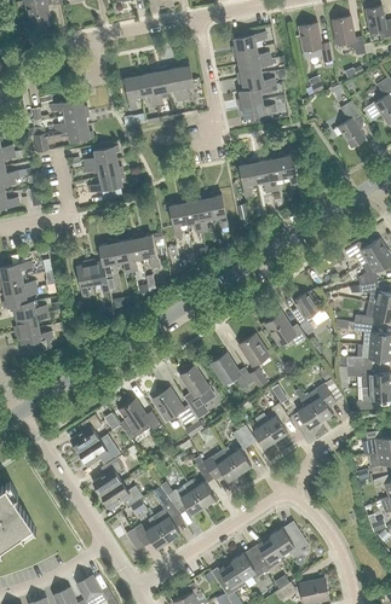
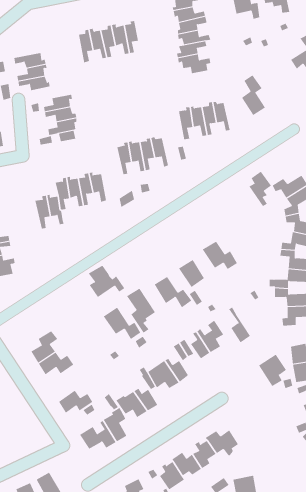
building: [338,100,366,147] -> [241,74,266,116]
building: [292,292,318,333] -> [249,171,272,207]
building: [305,383,338,420] -> [258,354,287,387]
building: [119,399,161,436] -> [88,265,125,298]
building: [93,457,123,495] -> none

